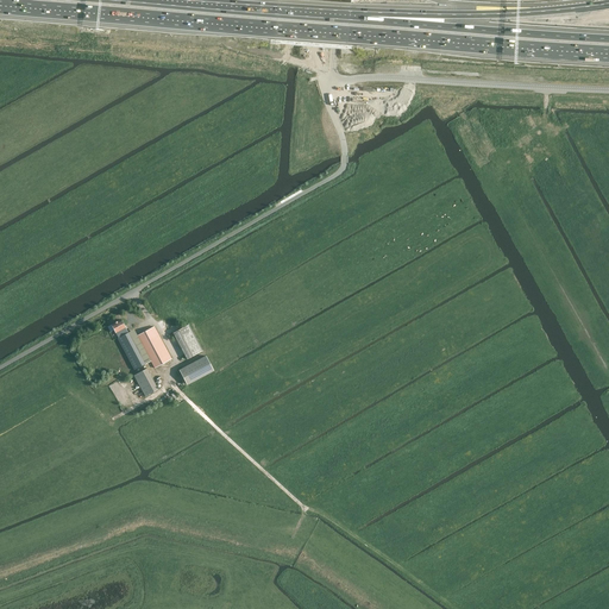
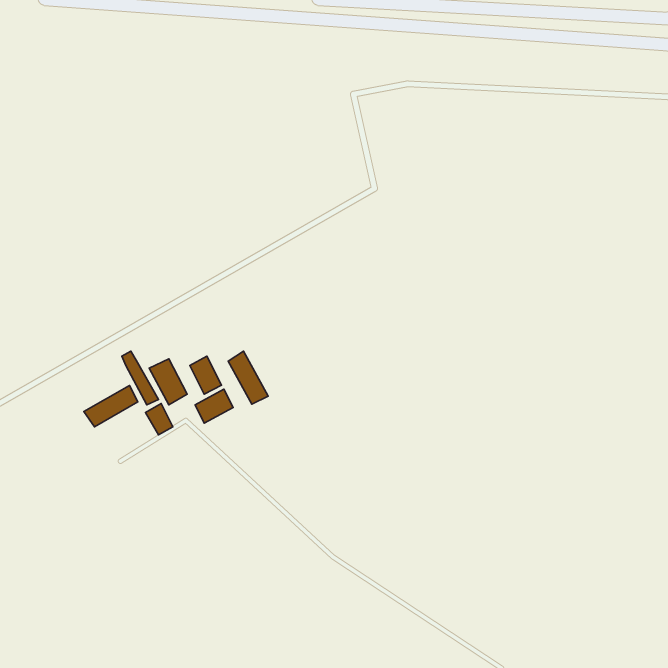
building: none -> [228,351,268,404]
building: none -> [84,386,138,427]

